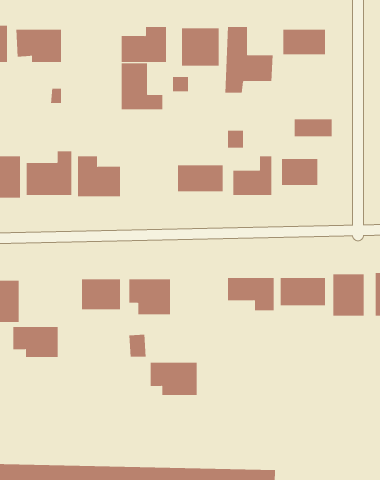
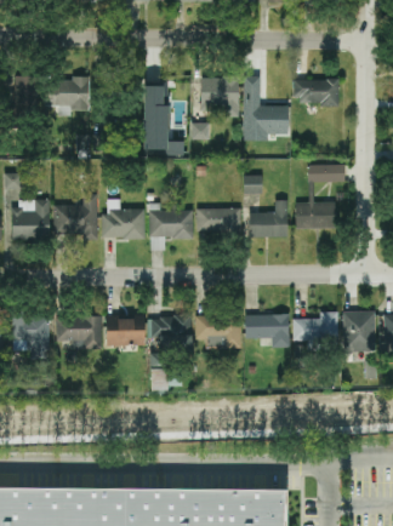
building: none -> [149,210,193,251]
building: [12,327,59,357] -> [57,319,101,348]
building: [150,362,197,395] -> [195,316,240,348]

